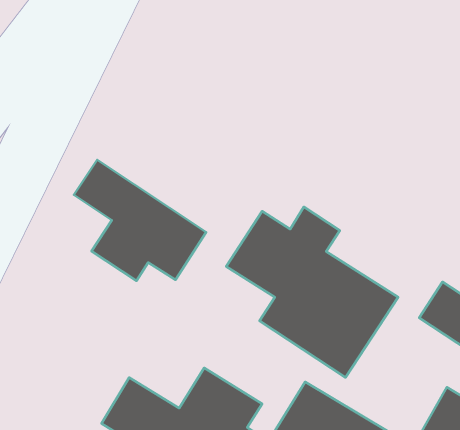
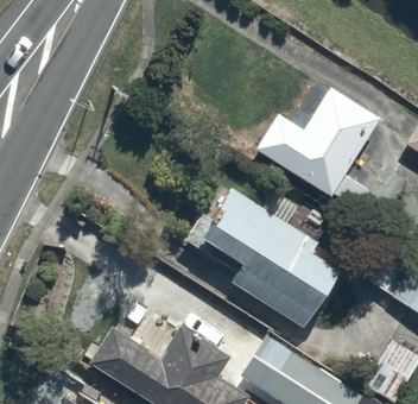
building: none -> [258,82,381,208]
building: [74,160,206,281] -> none

